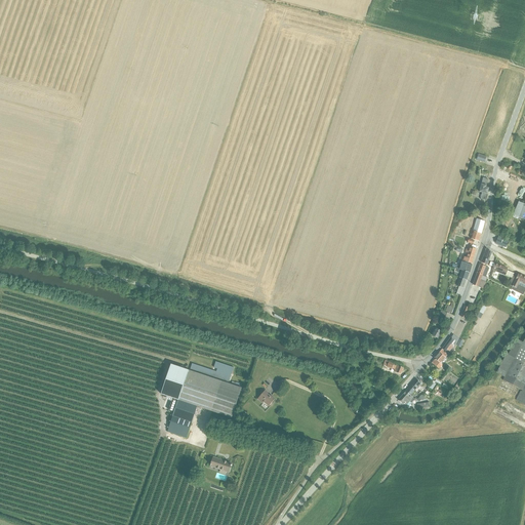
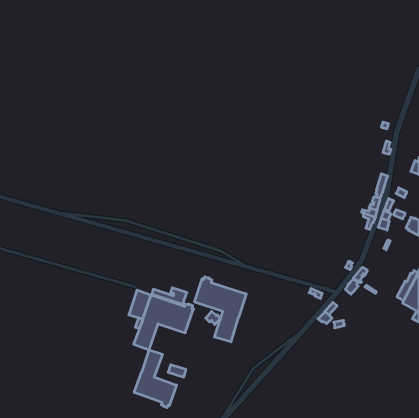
building: none -> [195,277,246,342]
building: none -> [134,350,177,408]

